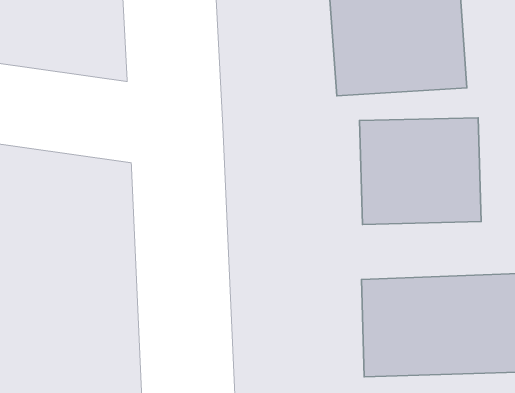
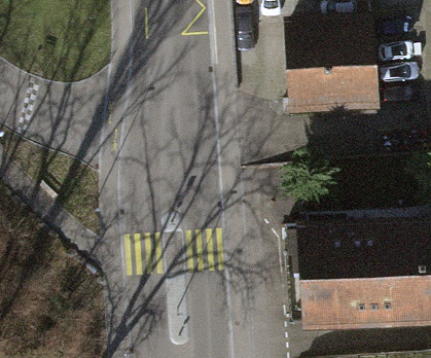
building: [359,118,481,225] -> none

